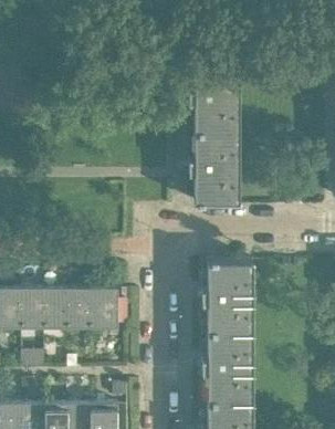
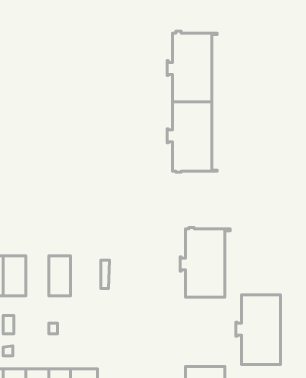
building: [48,290,71,331] -> none
building: [93,290,121,331] -> none
building: [205,332,250,402] -> [236,295,280,364]

